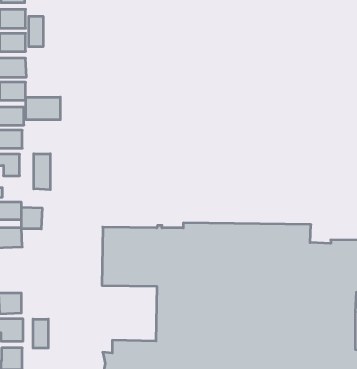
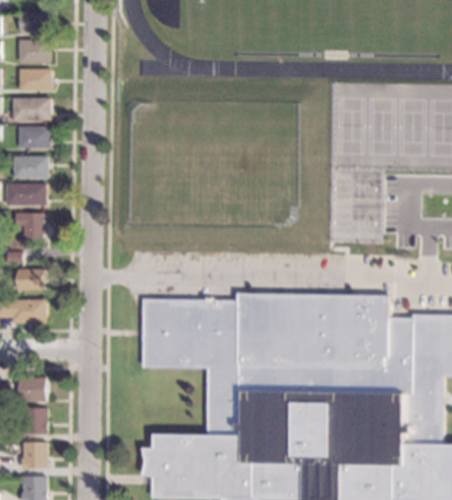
building: [29,16,43,47] -> none
building: [26,97,60,120] -> none
building: [34,154,50,190] -> none
building: [22,207,42,229] -> none
building: [33,319,48,348] -> none

